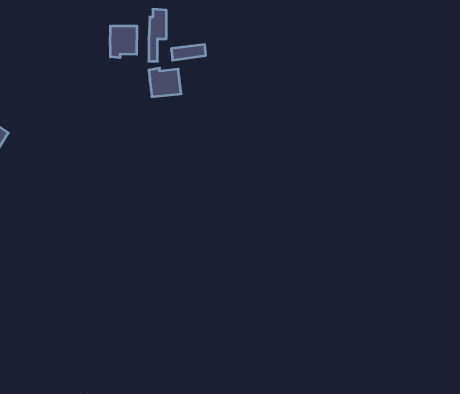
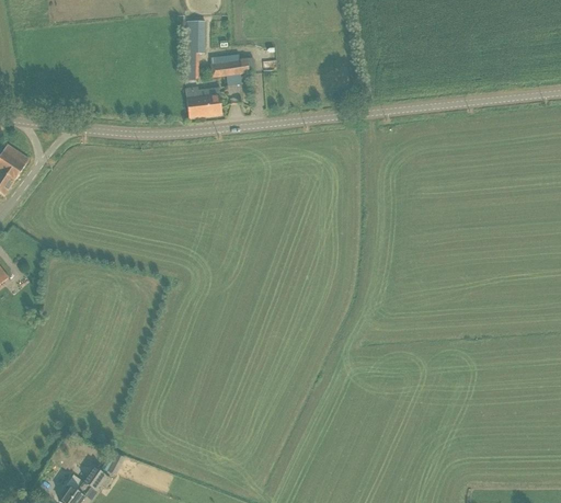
building: [110,26,137,58] -> none

